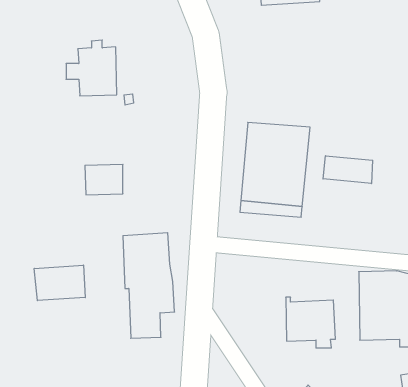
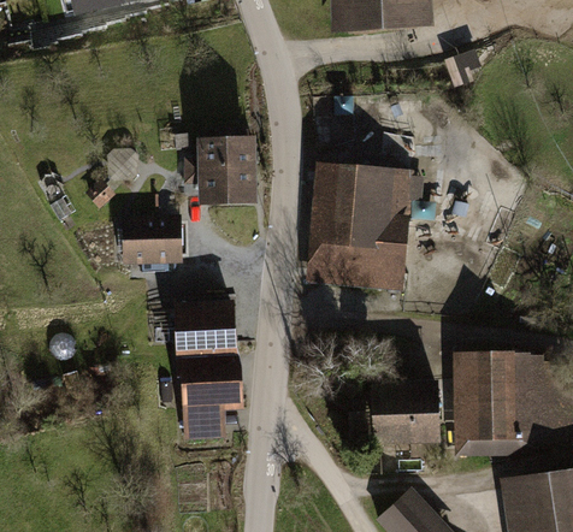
building: [66,40,117,96] -> [188,132,250,201]
building: [323,156,373,184] -> none
building: [34,265,85,301] -> none

